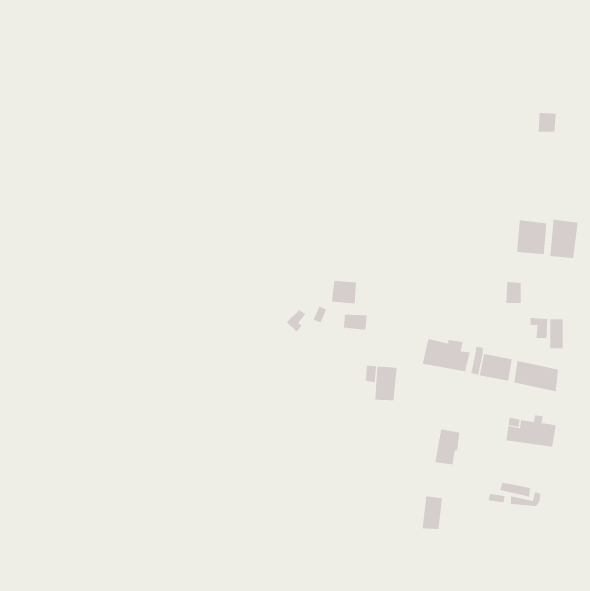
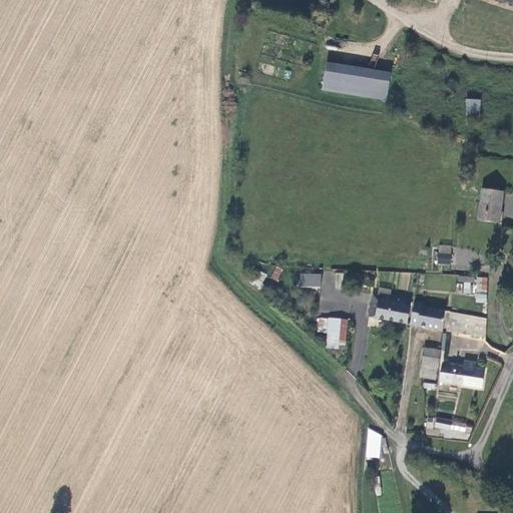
building: none -> [324,64,392,100]
building: [516,219,547,255] -> none
building: [331,280,356,304] -> none
building: [435,429,460,465] -> [417,347,439,378]

